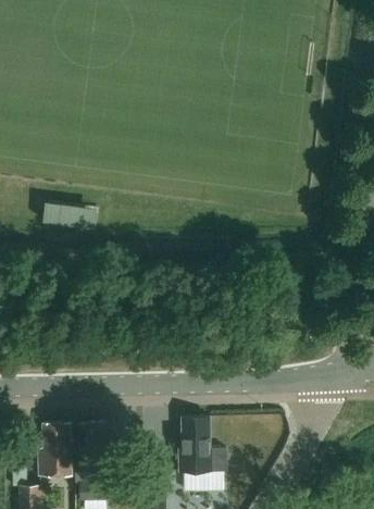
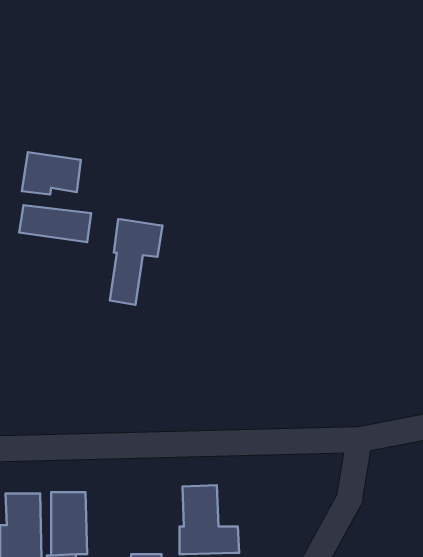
building: none -> [22,152,81,194]
building: none -> [110,219,162,305]

